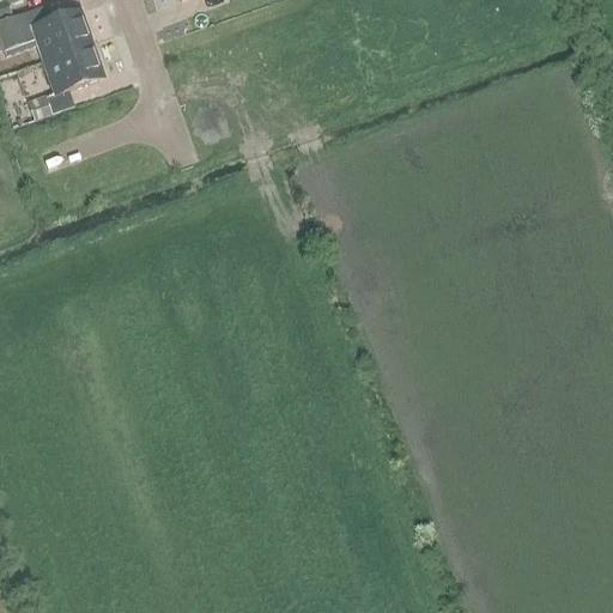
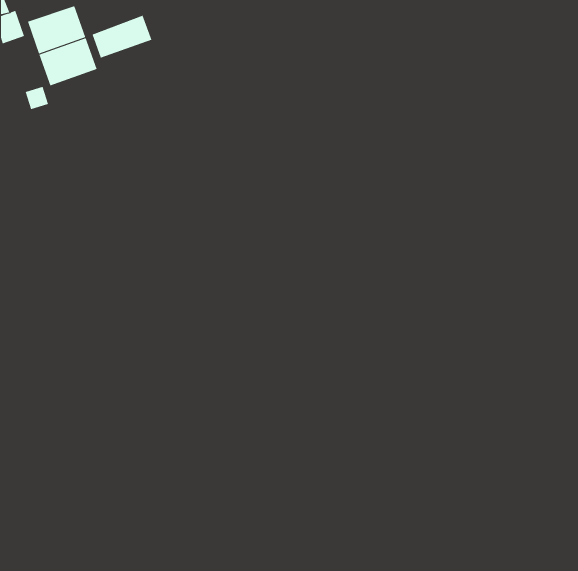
building: none -> [92,15,152,59]

